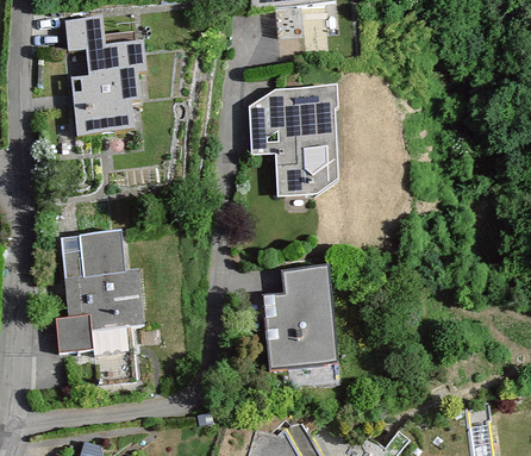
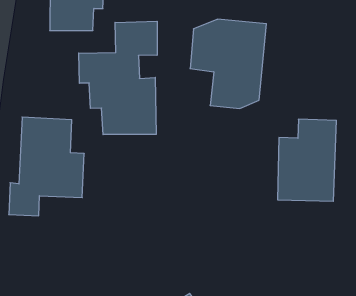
building: none -> [79,21,157,135]
building: [262,266,337,369] -> [278,119,336,201]

